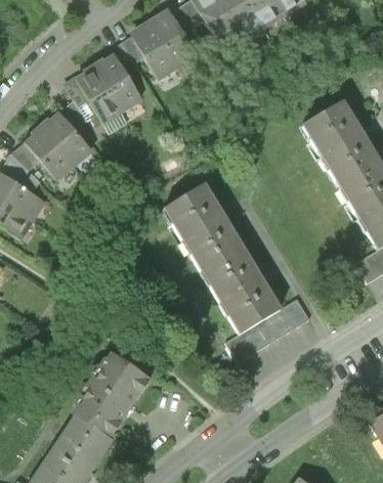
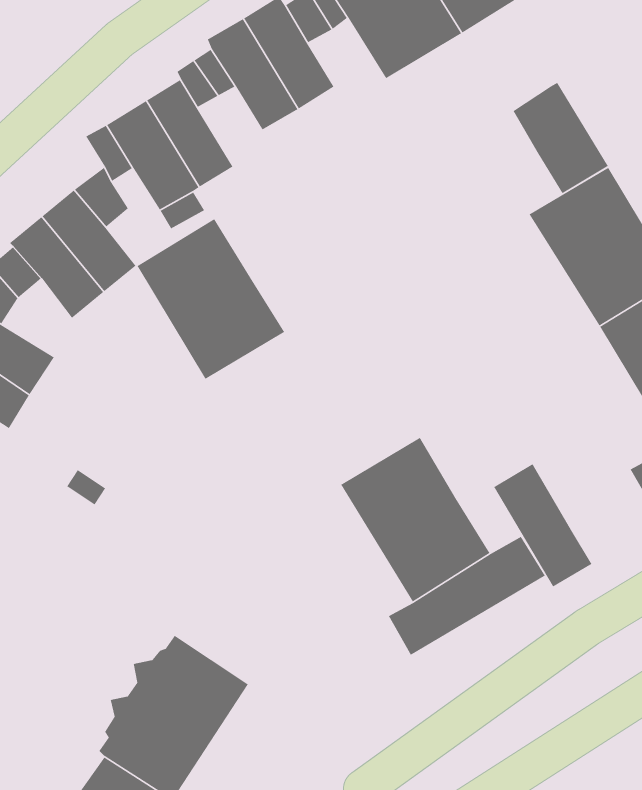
building: none -> [513,82,609,194]
building: [164,183,244,270] -> [137,218,285,380]
building: none -> [493,463,592,588]

